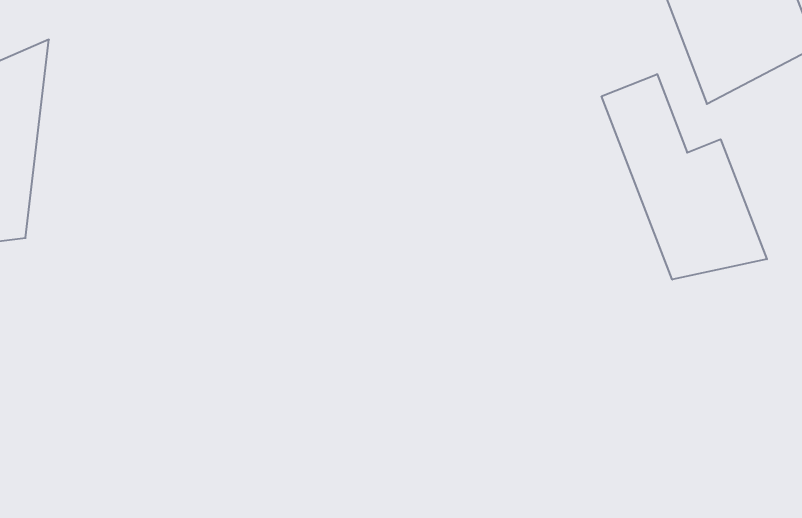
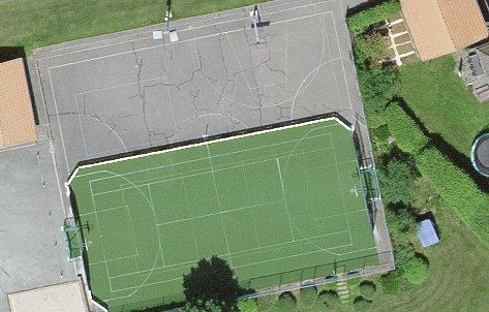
building: [602,74,767,280] -> none

